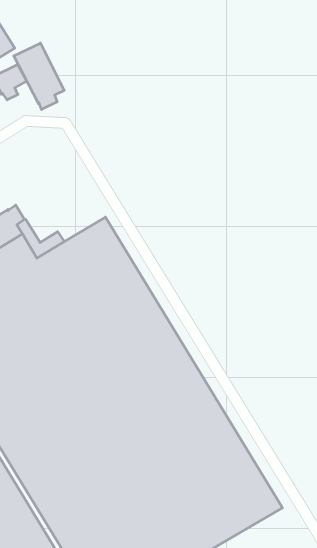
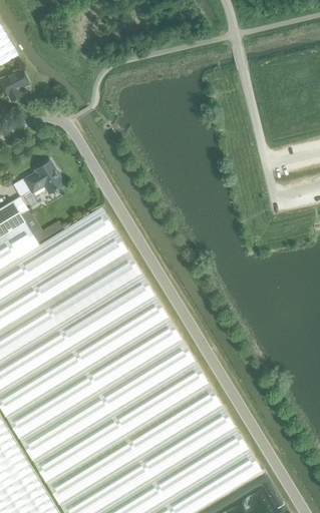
building: [14,43,64,110] -> none
building: none -> [23,161,62,193]

